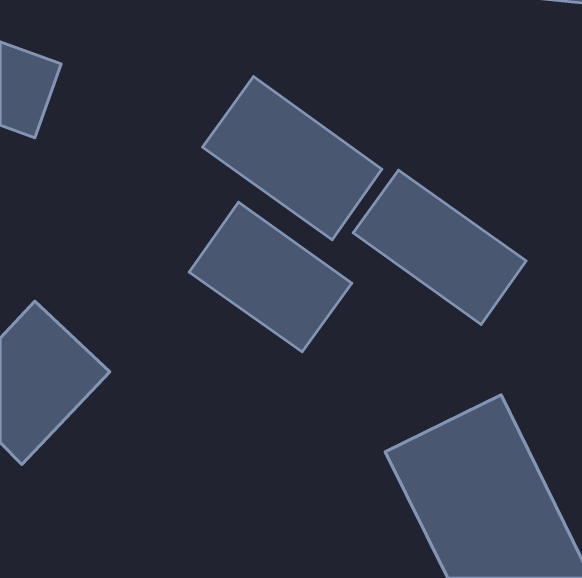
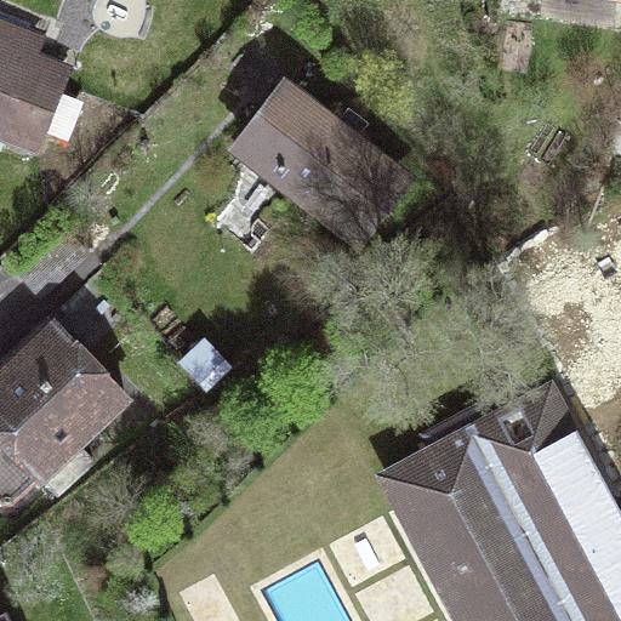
building: [353,170,526,325] -> none
building: [189,202,352,352] -> none

